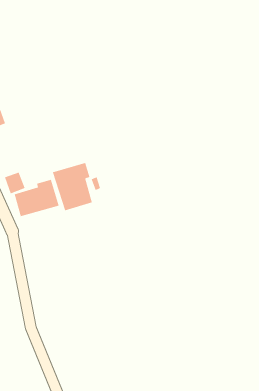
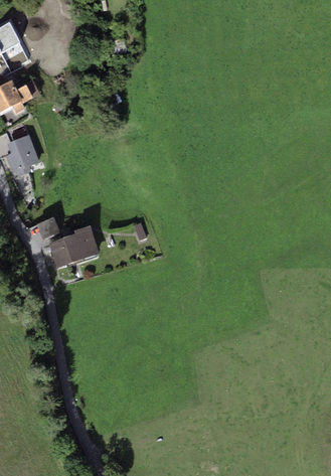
building: [52,162,92,211] -> none

